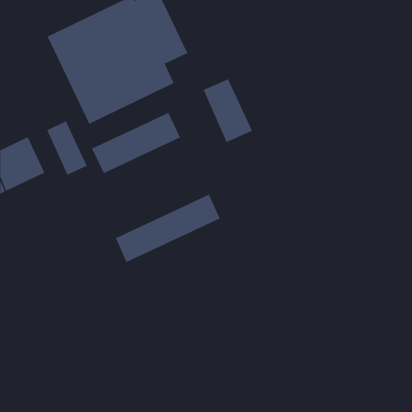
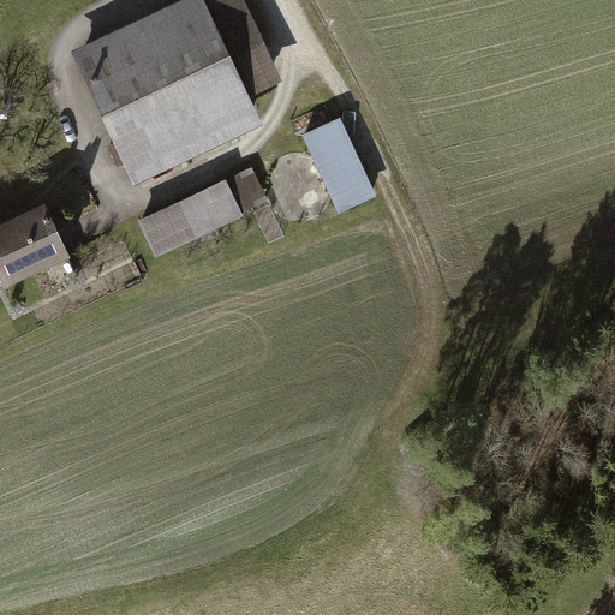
building: [47,121,87,175] -> none
building: [115,194,220,263] -> none

